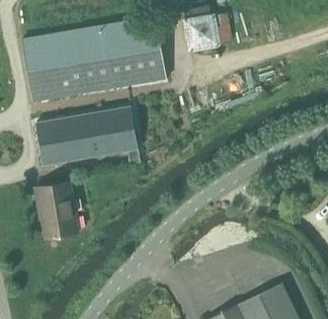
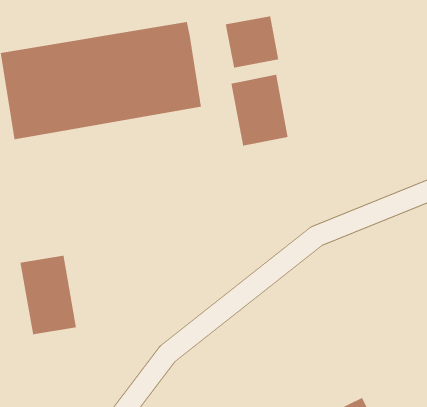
building: none -> [230,74,289,147]
building: [35,106,137,165] -> none

